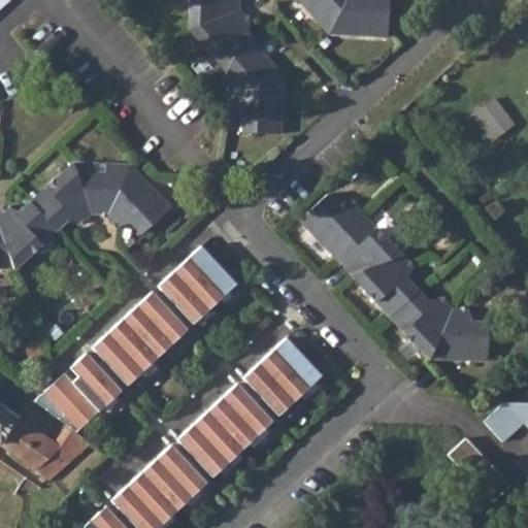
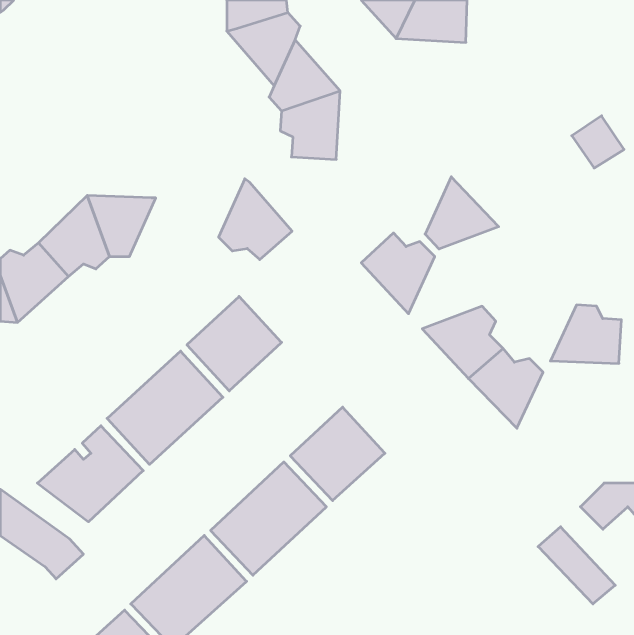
building: [109,165,170,232] -> [219,179,292,260]
building: [340,213,401,273] -> [425,177,499,249]
building: [430,309,489,358] -> [550,305,621,363]

